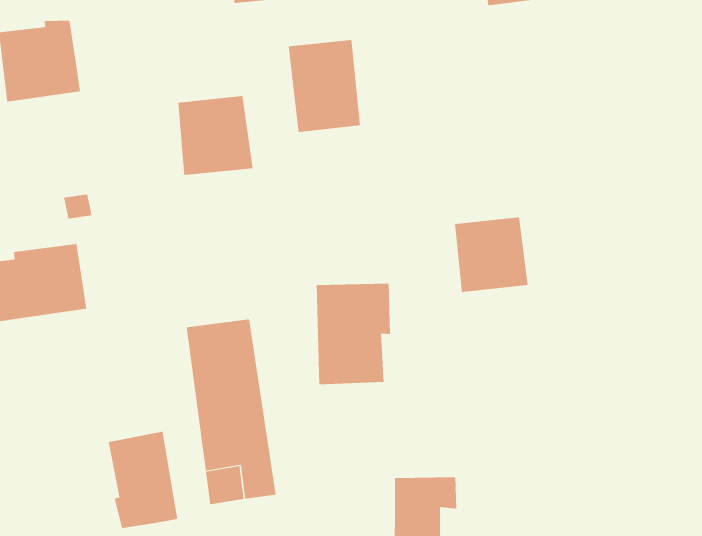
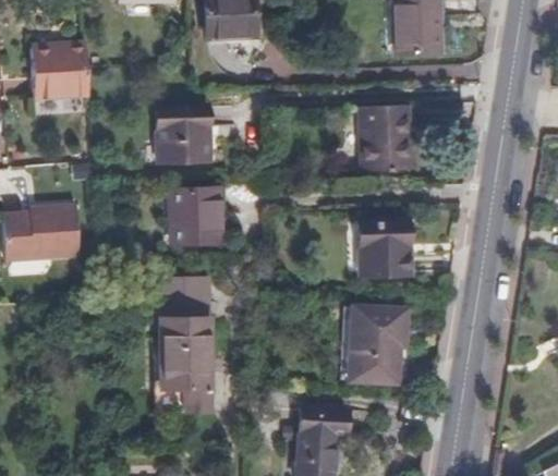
building: [288,39,361,132] -> [363,107,412,172]
building: none -> [169,187,220,241]
building: [316,283,391,385] -> [349,302,408,378]
building: [108,431,178,529] -> none

